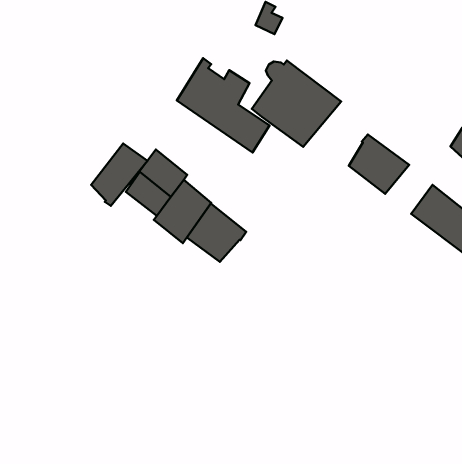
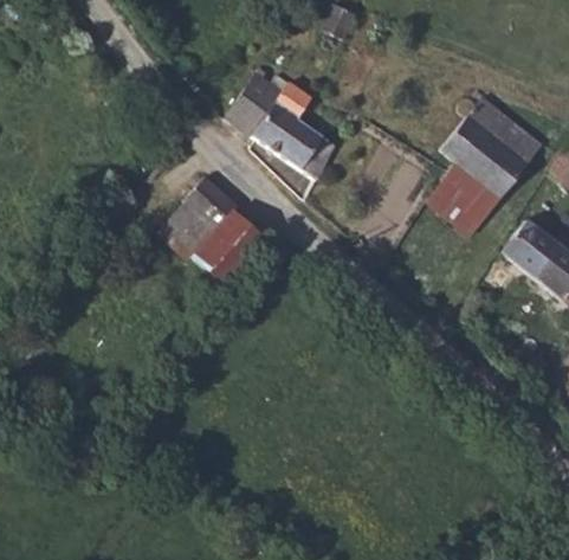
building: [252,60,341,147] -> [440,94,545,195]
building: [91,144,147,206] -> none
building: [187,204,246,262] -> none

